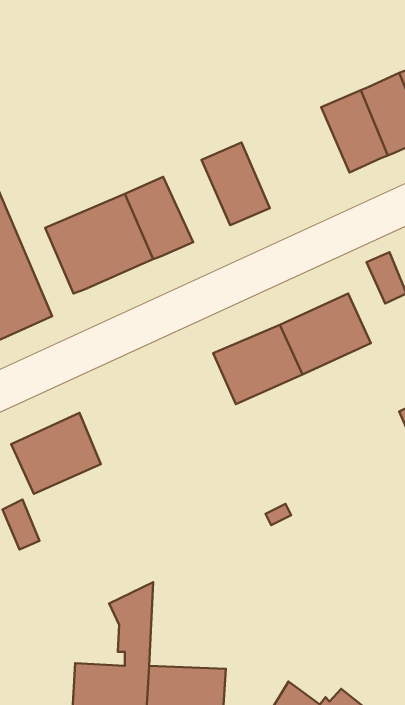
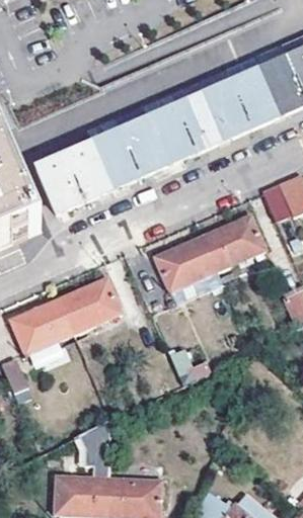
building: none -> [173,80,250,152]
building: none -> [118,117,165,176]
building: none -> [58,276,121,334]

